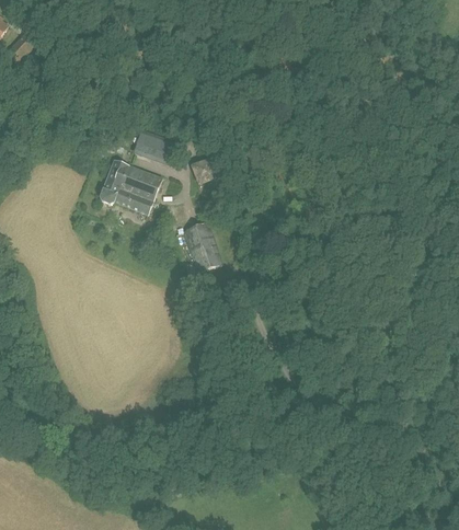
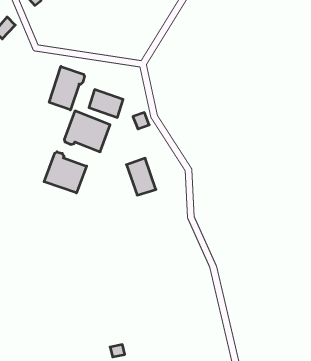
building: none -> [49,66,85,110]
building: none -> [44,152,87,193]

